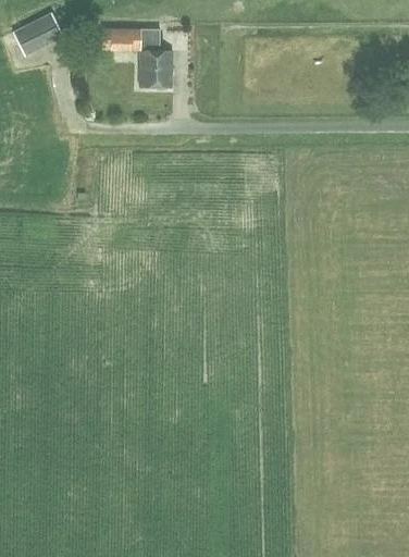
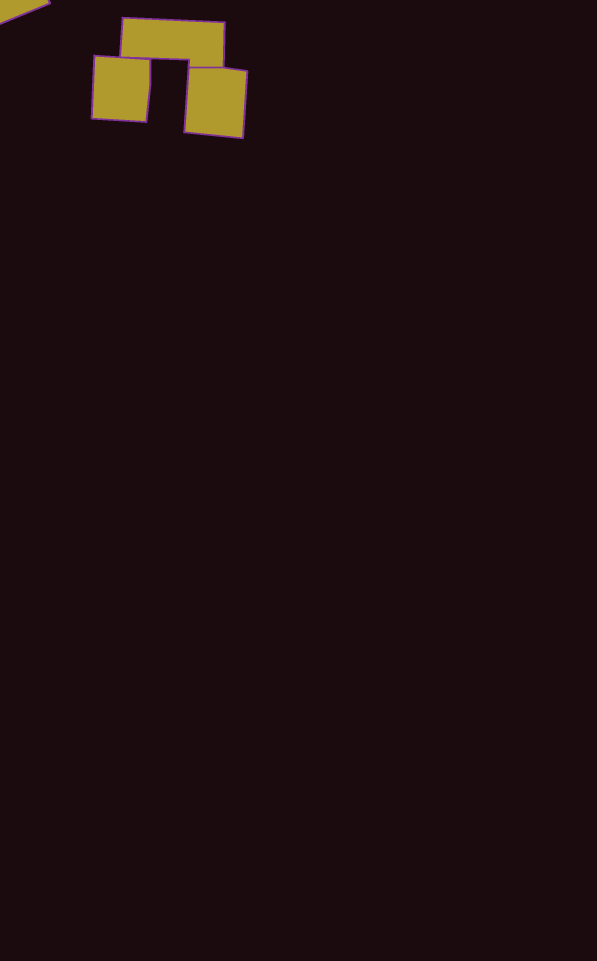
building: none -> [92,55,150,122]

